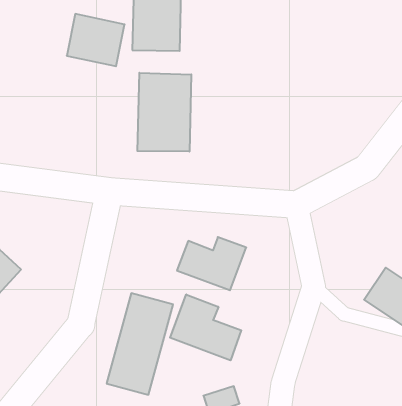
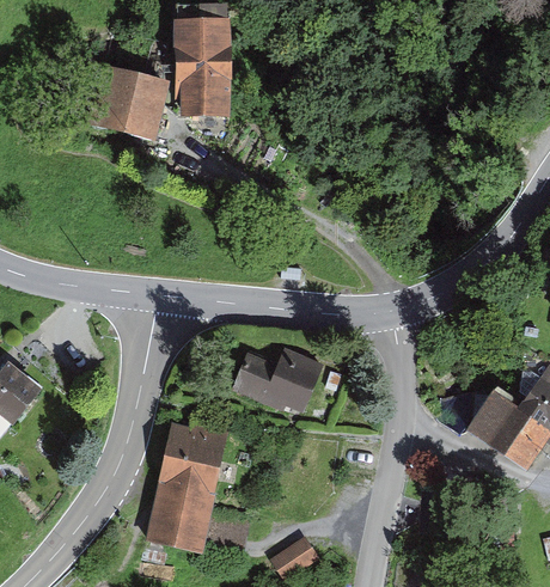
building: [137,73,191,152] -> none
building: [170,294,241,360] -> none

